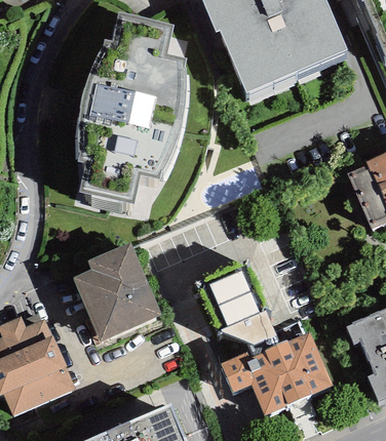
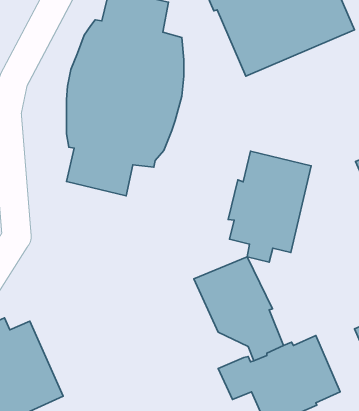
building: none -> [228,151,311,262]
building: [73,243,161,342] -> none

